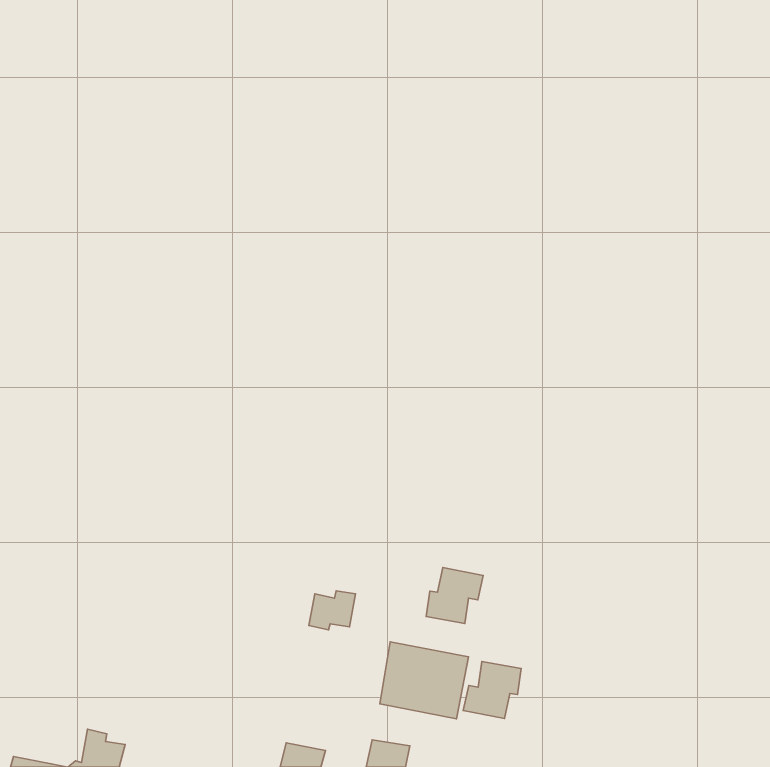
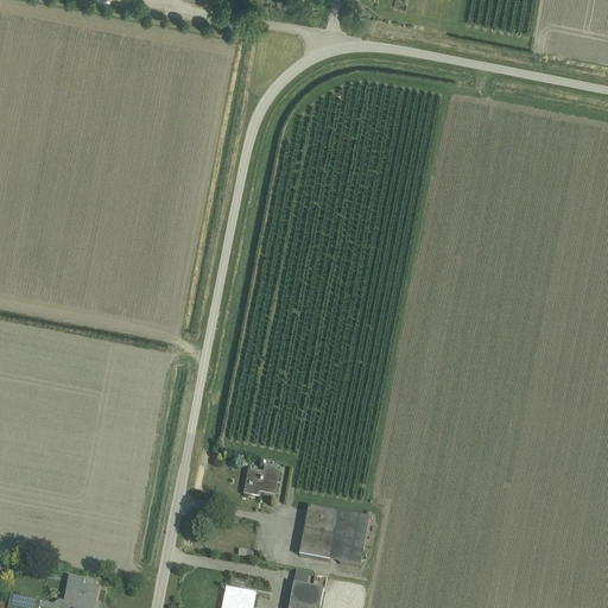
building: [426,568,483,624] -> none
building: [463,661,521,719] -> none

